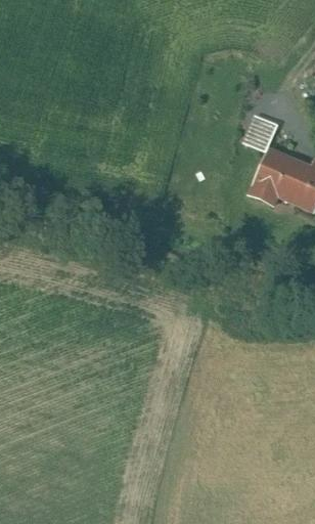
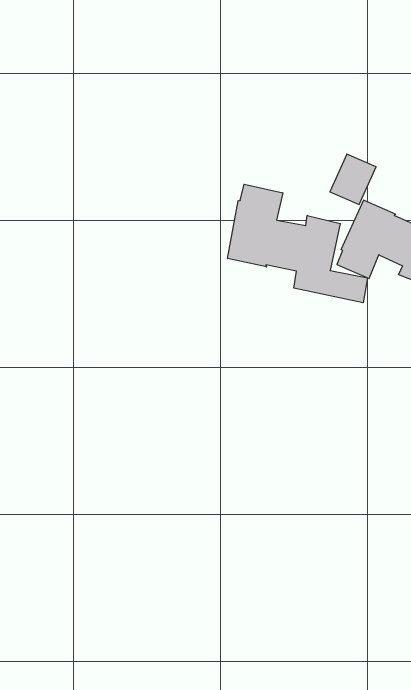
building: none -> [228,184,367,303]

